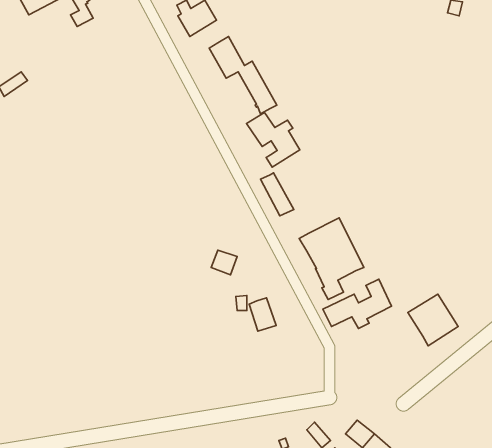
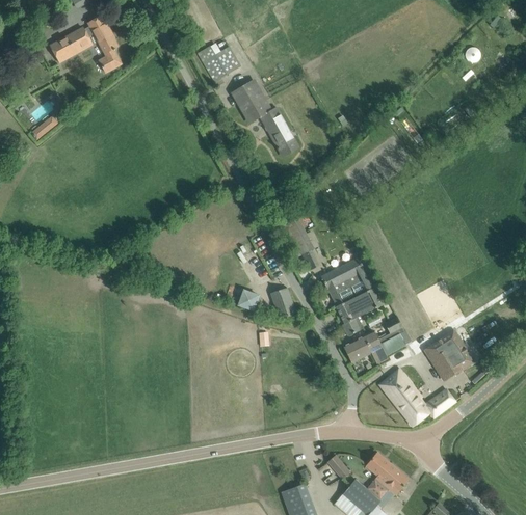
building: [247,113,300,167] -> none
building: [249,298,276,331] -> [270,288,296,320]
building: none -> [379,369,454,426]

